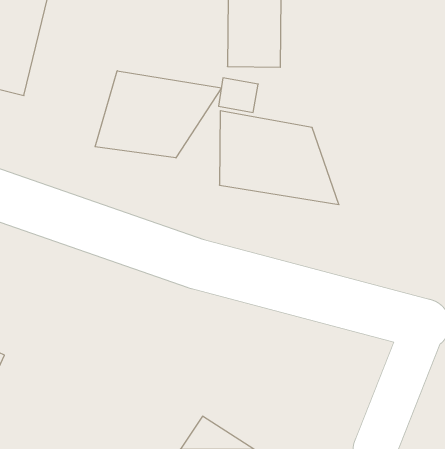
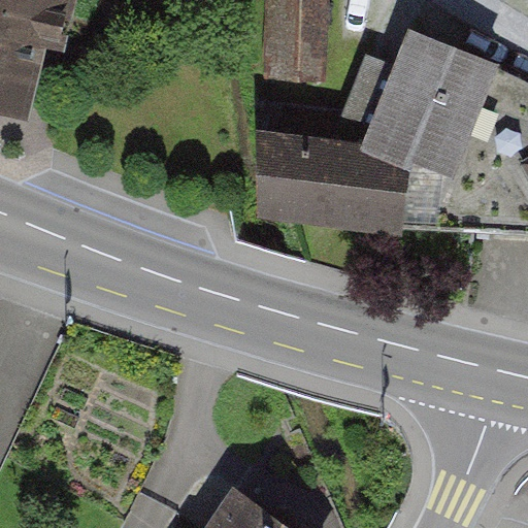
building: none -> [364,31,496,182]
building: [95,71,221,158] -> none

